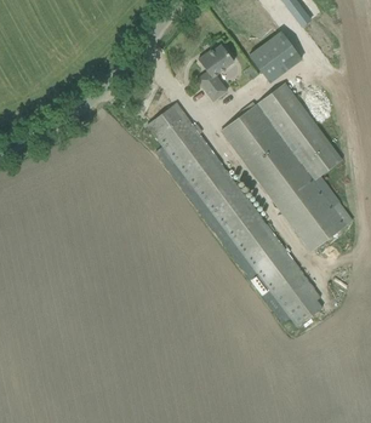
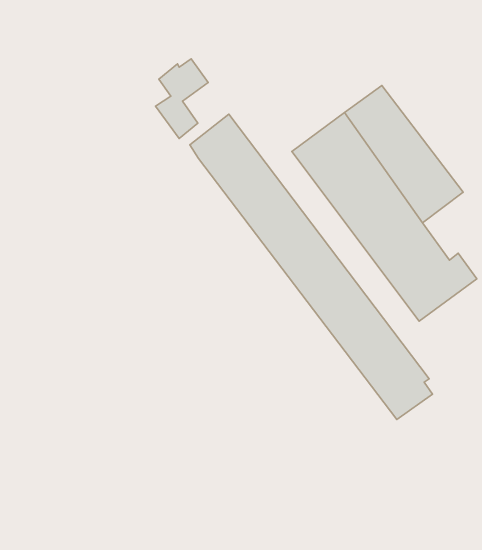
building: [245,32,299,84] -> none
building: [195,46,233,103] -> [155,59,208,139]

